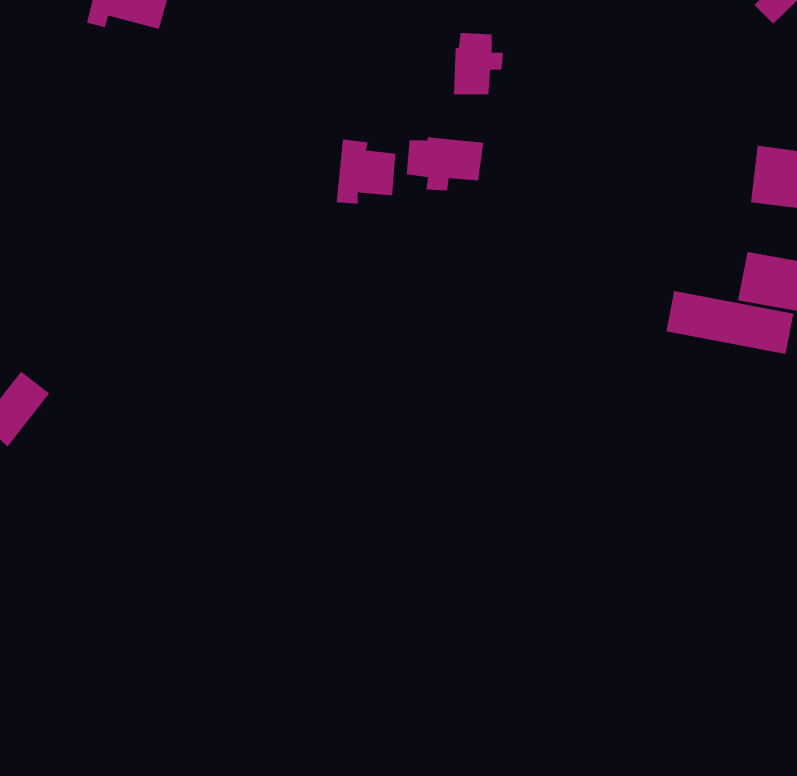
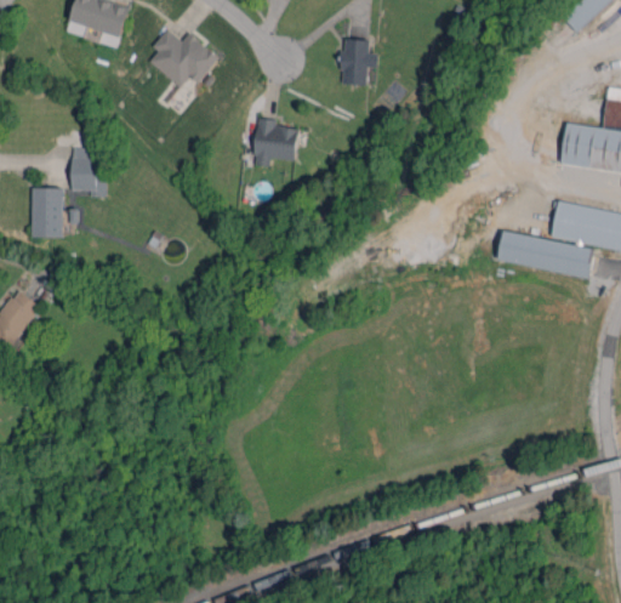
building: none -> [148,29,218,86]
building: [406,136,484,191] -> none
building: none -> [70,148,107,197]
building: none -> [30,188,63,238]

